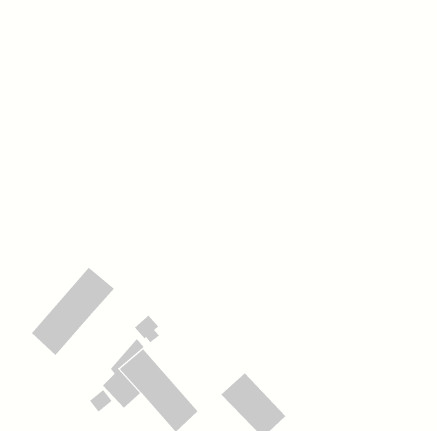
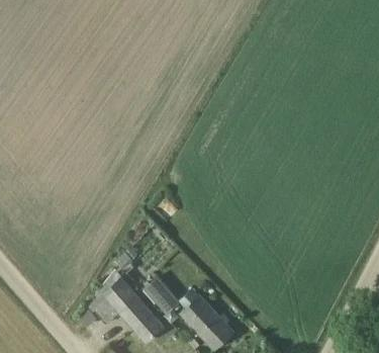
building: [31,267,115,356] -> none
building: none -> [146,275,181,314]

